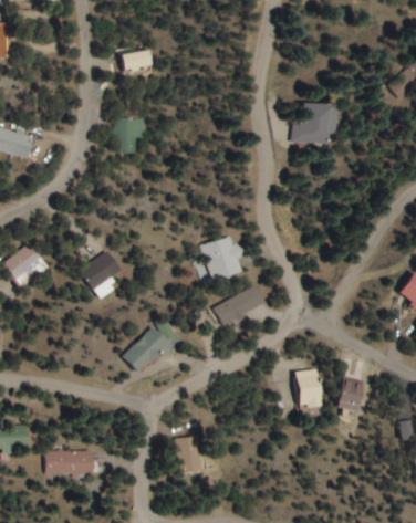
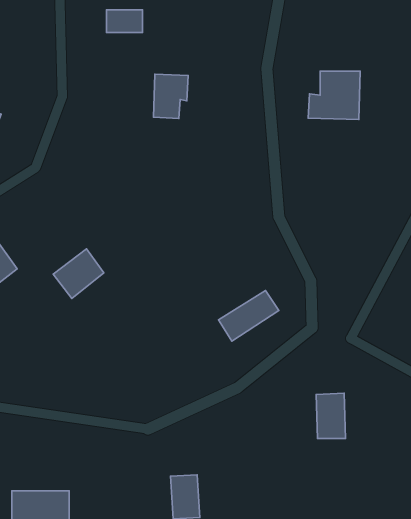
building: [115,118,144,155] -> [153,74,188,118]
building: [200,236,243,283] -> none
building: [124,323,176,374] -> none
building: [339,378,363,412] -> none

